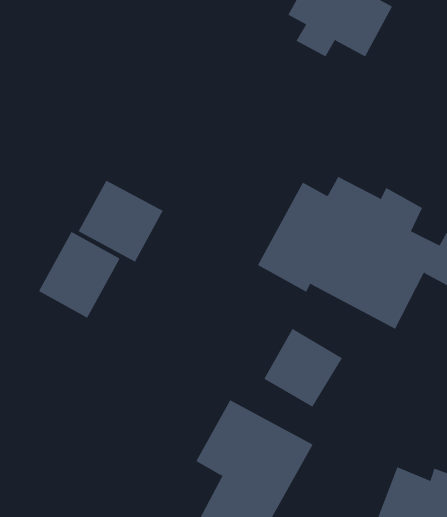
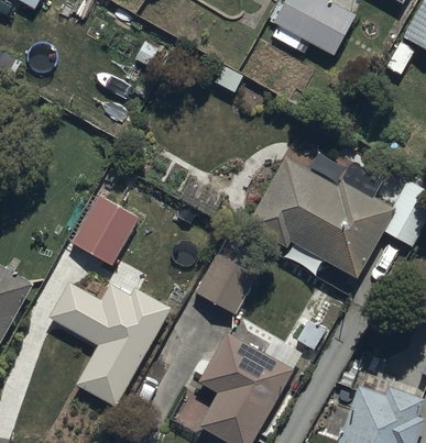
building: [78,180,163,262] -> none
building: [264,328,343,408] -> [193,251,256,314]
building: none -> [50,283,170,408]

